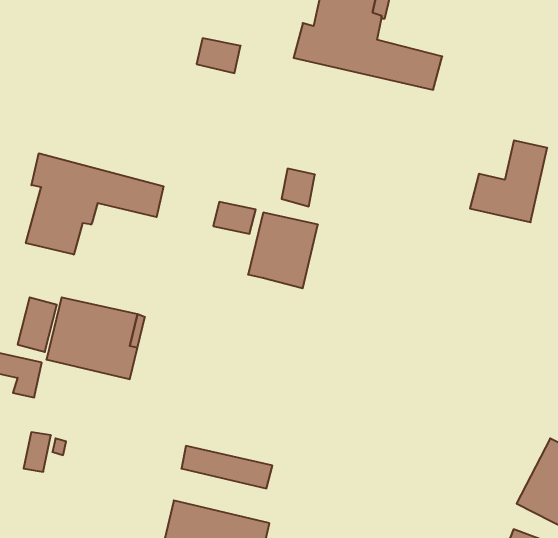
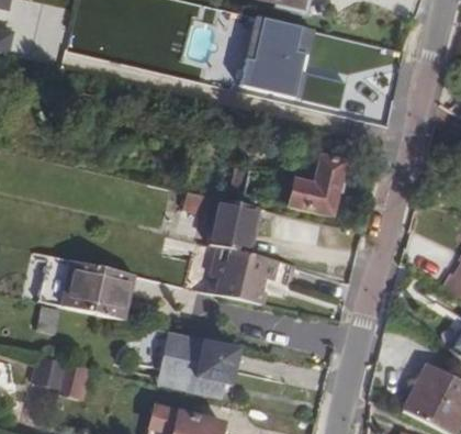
building: [470,140,547,222] -> [289,155,345,214]
building: [26,153,163,255] -> none
building: none -> [212,245,288,302]
building: none -> [162,330,240,381]

